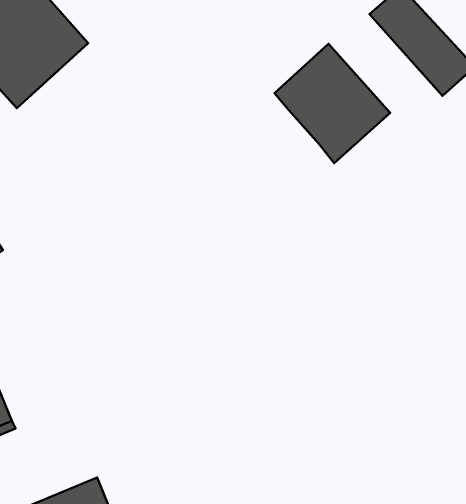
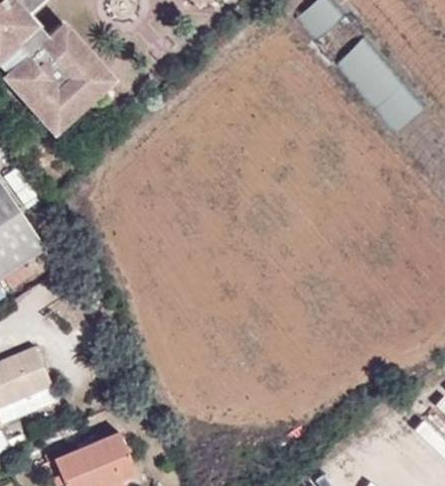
building: [274,44,390,163] -> none

